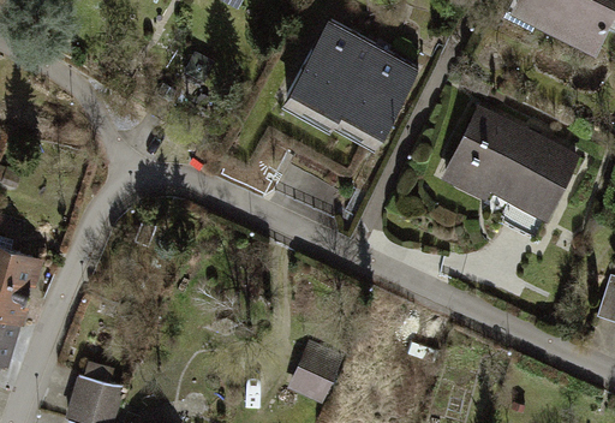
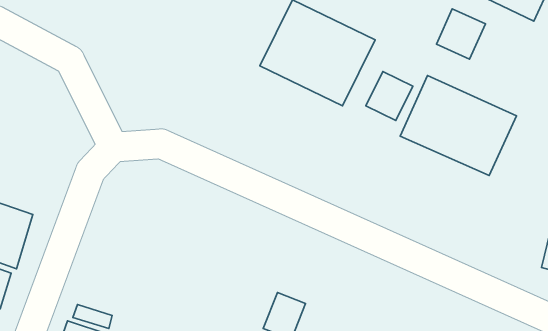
building: none -> [436,9,485,59]
building: none -> [366,71,413,120]

